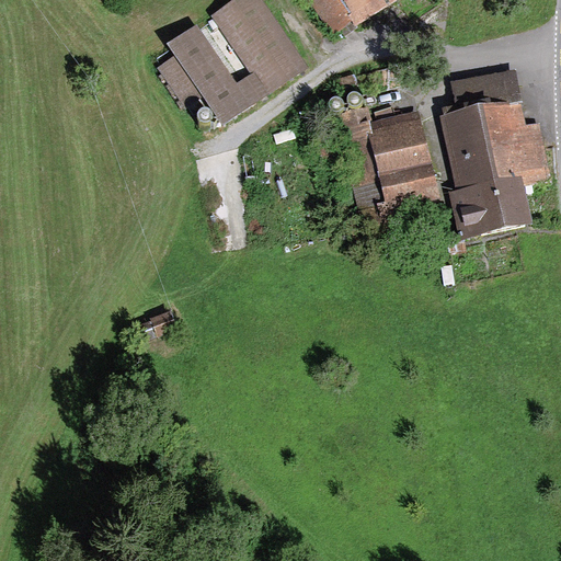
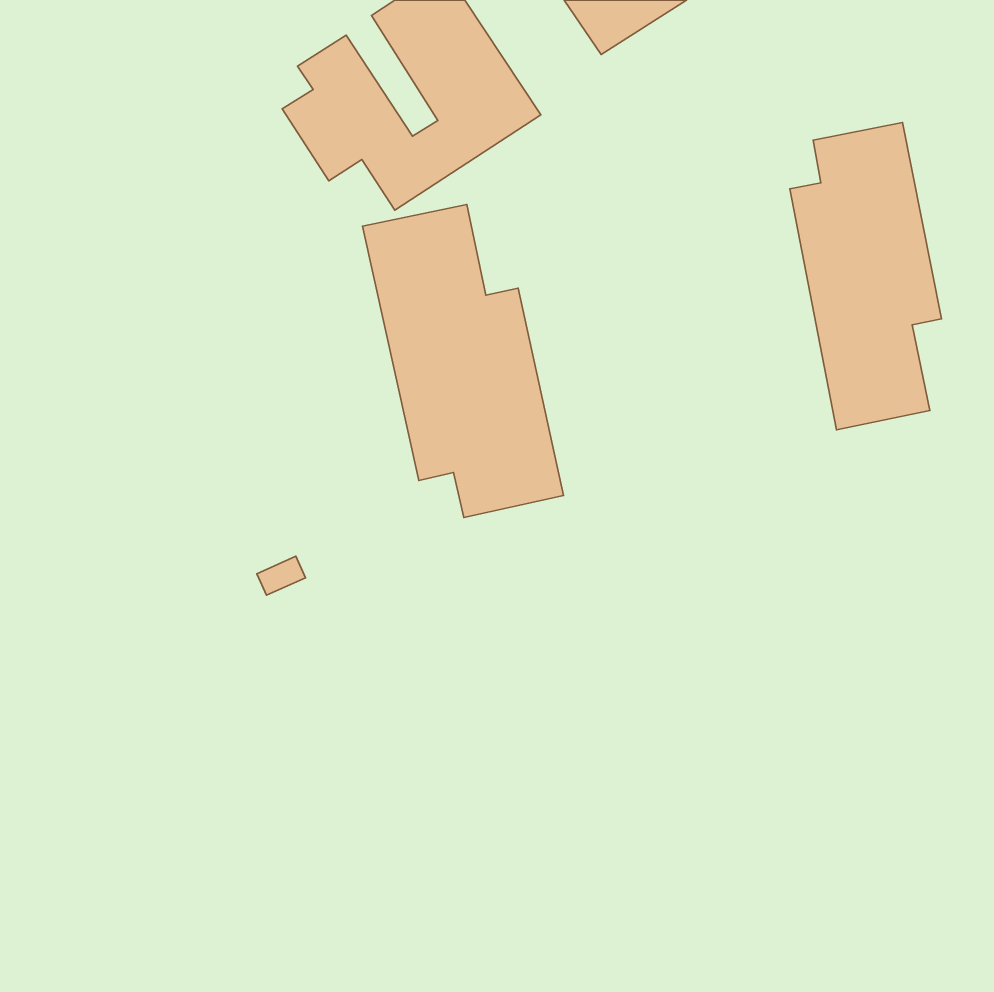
building: [367,113,433,199] -> none
building: none -> [362,205,563,517]

